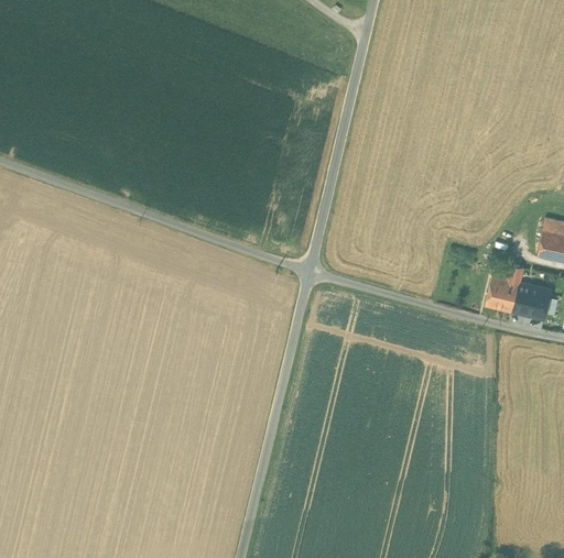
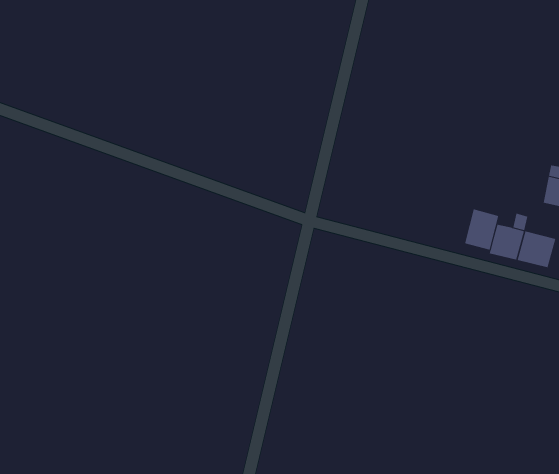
building: none -> [465,209,499,250]

